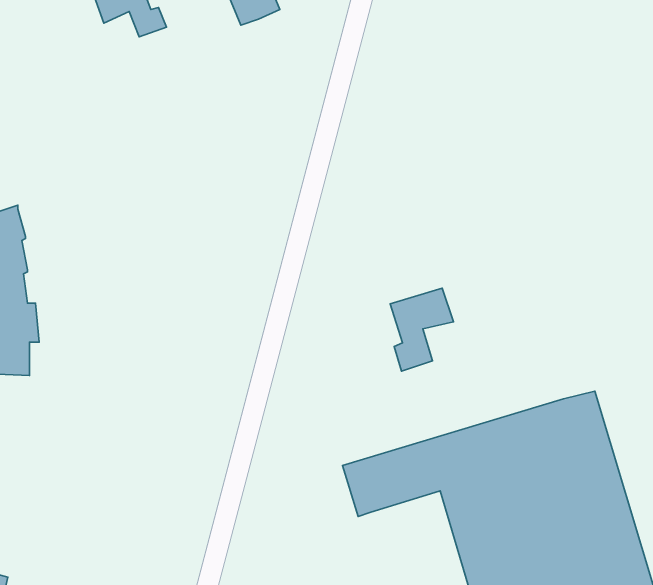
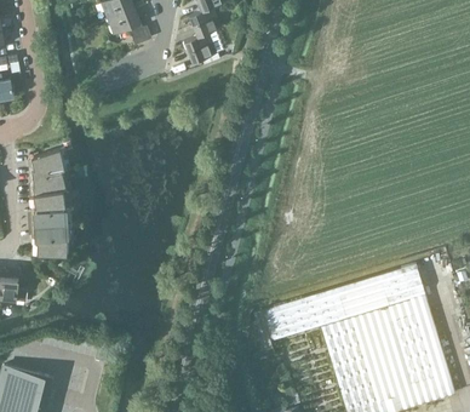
building: none -> [184,33,216,63]
building: [390,288,453,371] -> none

